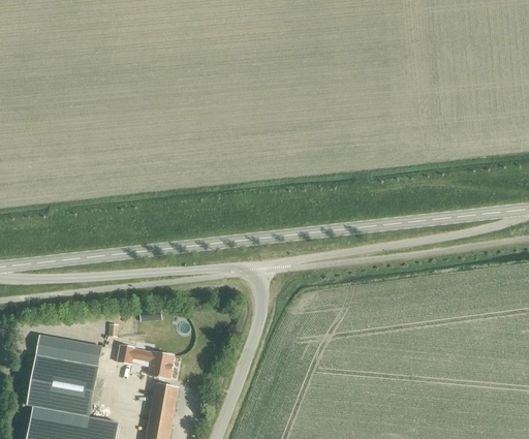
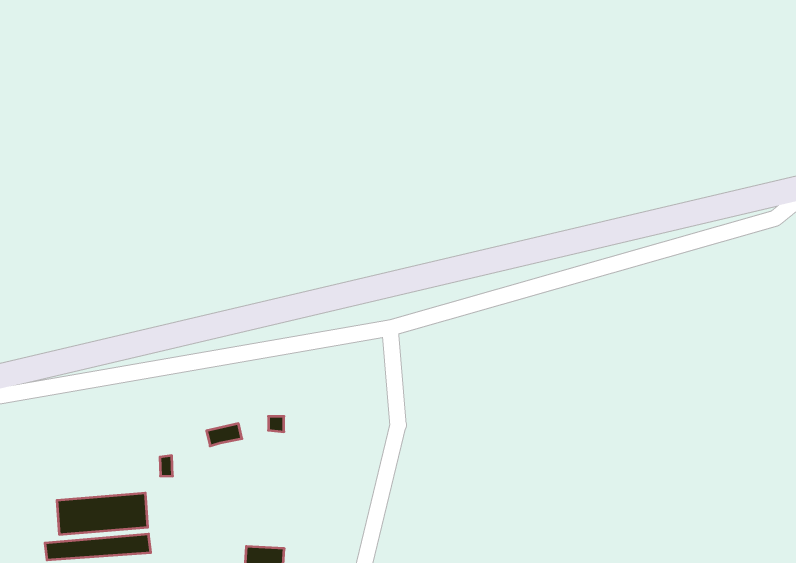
building: [116,345,174,378] -> none

